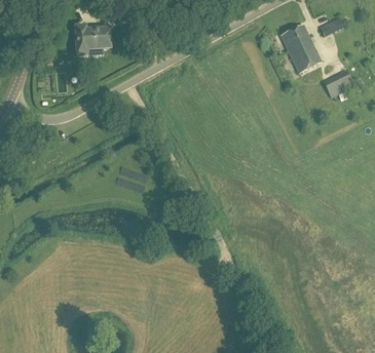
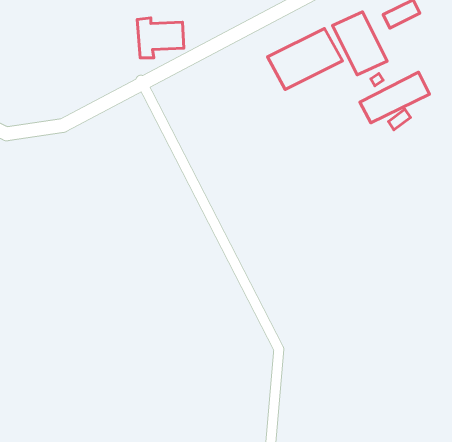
building: [75,25,110,54] -> [137,18,184,58]
building: none -> [267,28,342,90]

